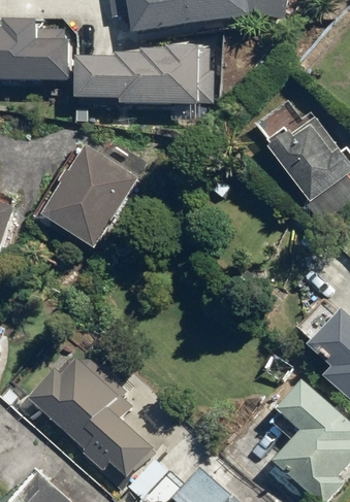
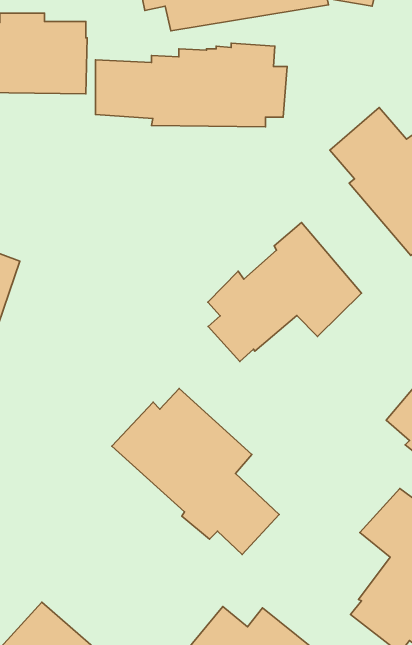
building: [41,145,140,249] -> none
building: none -> [208,223,361,361]
building: [26,354,152,478] -> [112,389,279,554]

